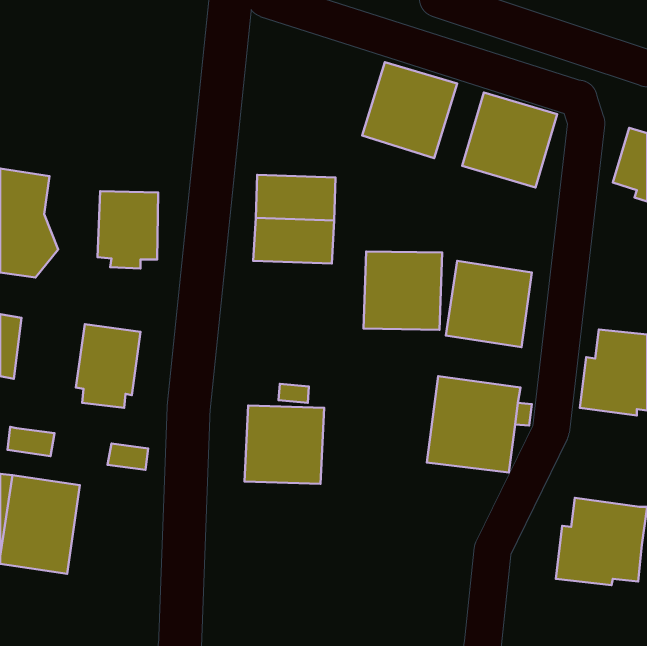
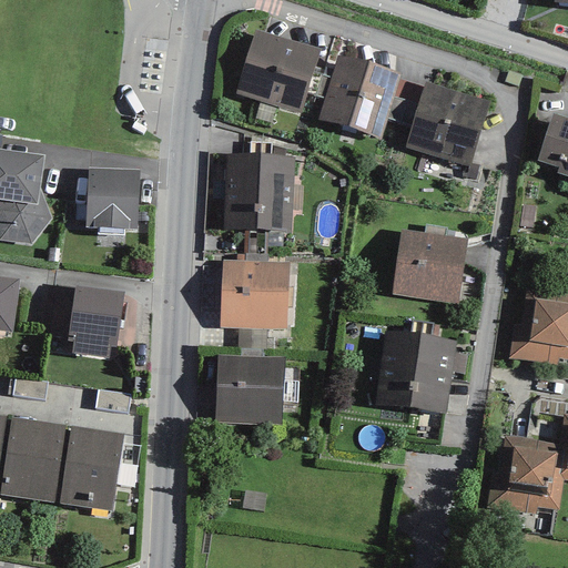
building: none -> [235,30,320,112]
building: [364,251,442,330] -> [220,260,288,328]
building: none -> [59,425,123,510]

